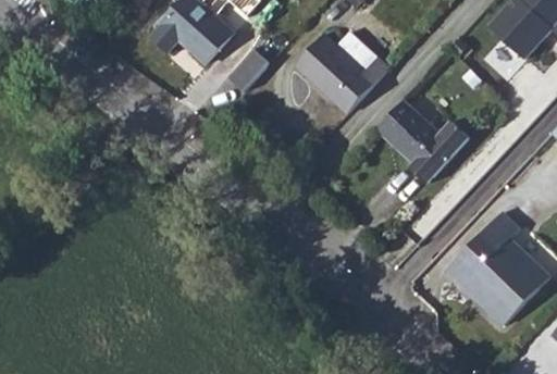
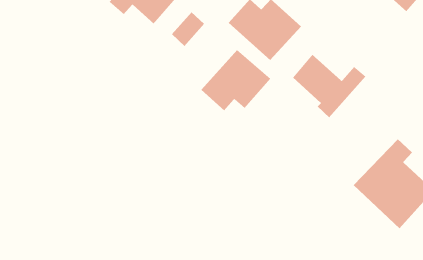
building: none -> [201,49,271,111]

